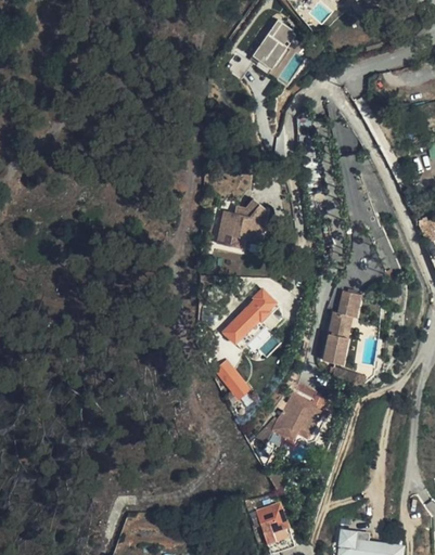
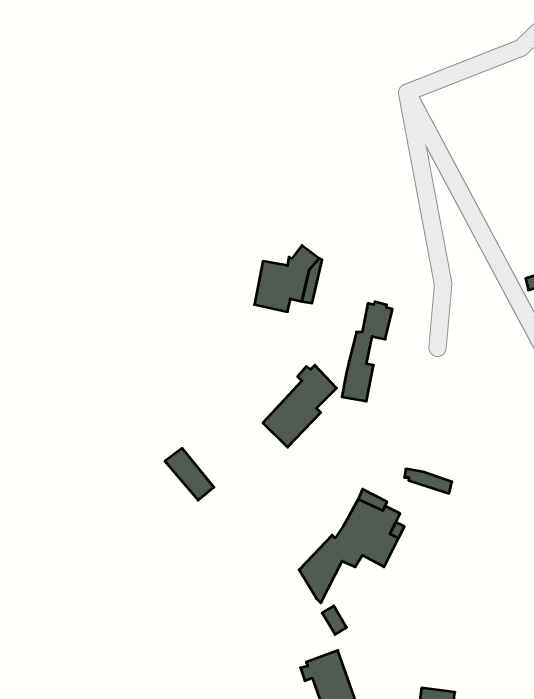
building: [251,21,295,70] -> none
building: [322,289,360,364] -> [342,302,392,401]
building: [213,360,250,399] -> [165,448,214,500]

